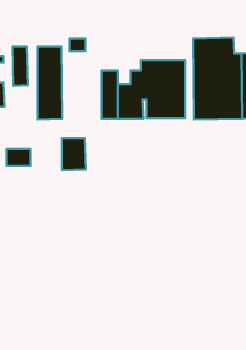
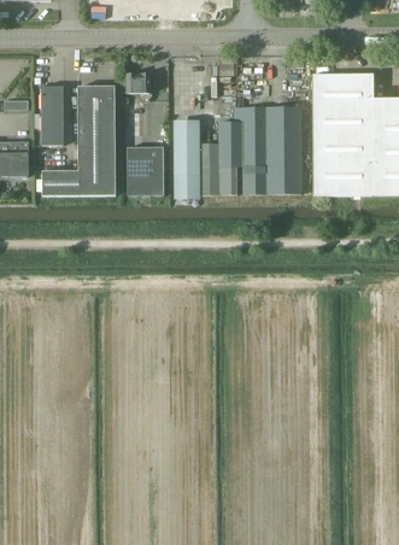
building: [62,138,86,170] -> [128,147,164,195]
building: [7,149,31,166] -> [42,170,78,195]

